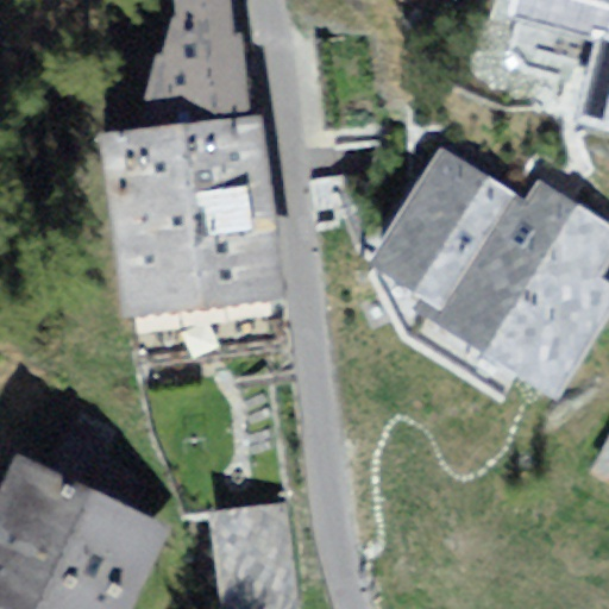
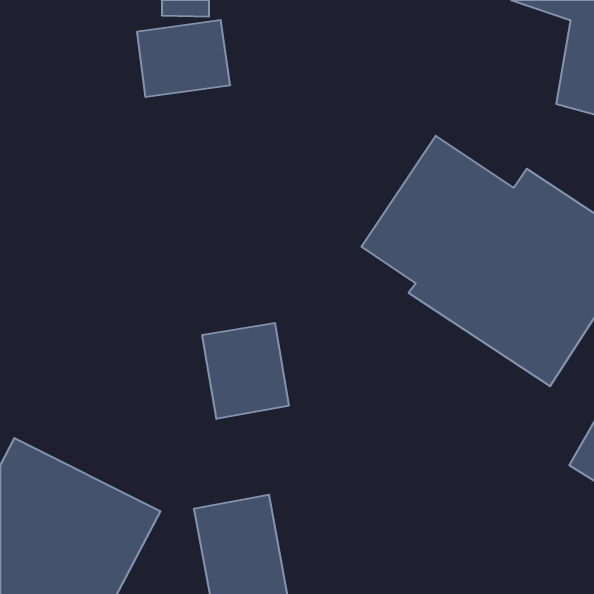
building: [88,106,265,319] -> none
building: none -> [202,323,289,419]

